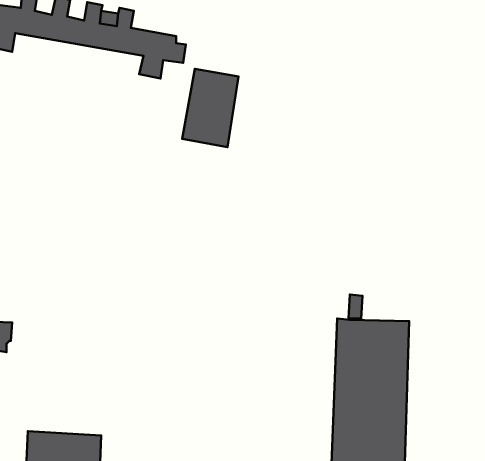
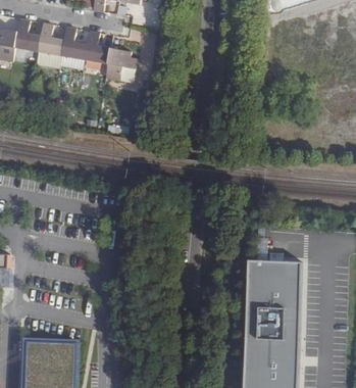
building: [182,69,239,147] -> none

